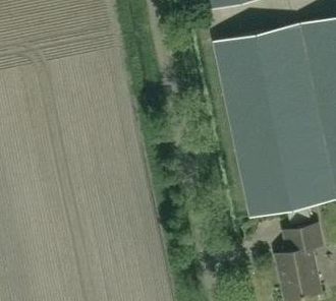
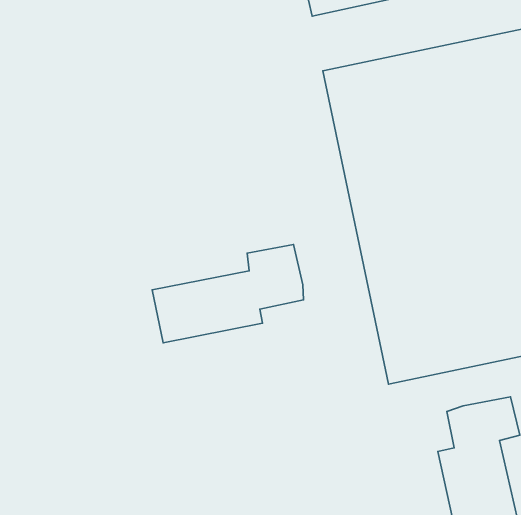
building: none -> [152,245,303,343]

